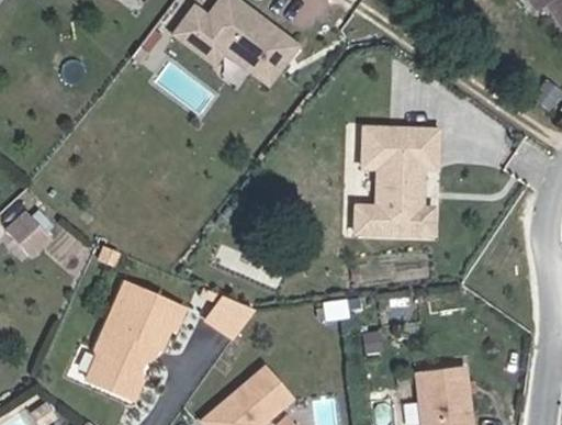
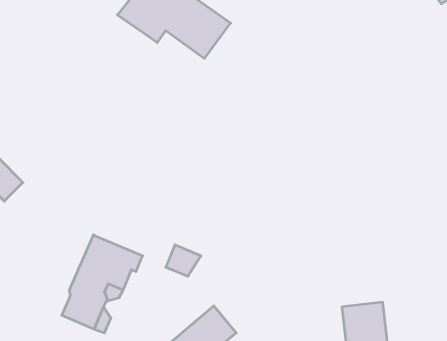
building: [345,113,431,226] -> none

